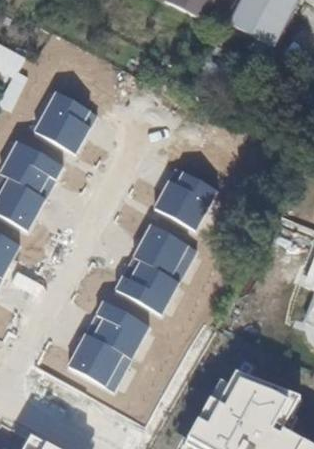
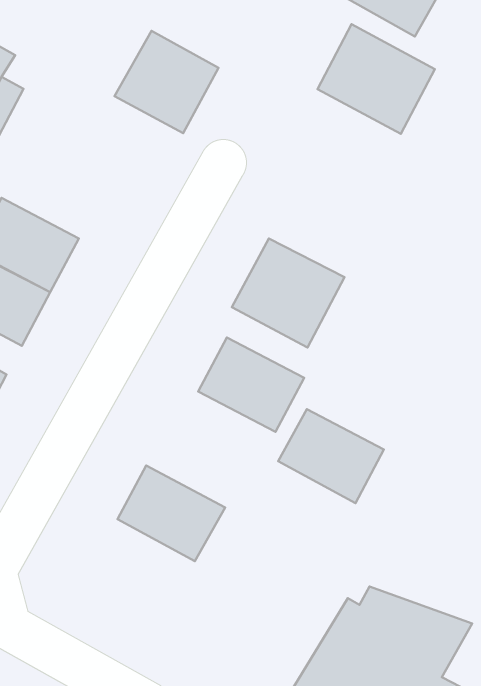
building: none -> [317,24,435,134]
building: [35,92,97,153] -> [114,31,219,133]
building: [116,257,179,313] -> [278,409,384,503]
building: [68,333,131,390] -> none

